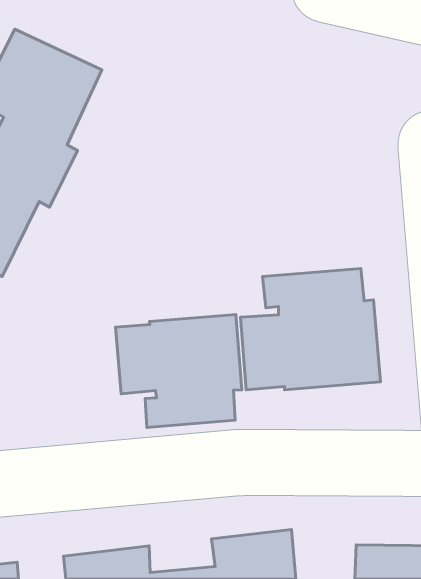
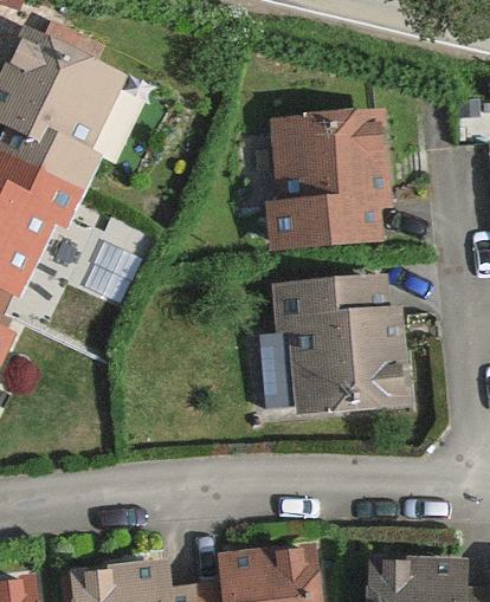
building: none -> [275,116,385,244]
building: [115,314,242,427] -> none

